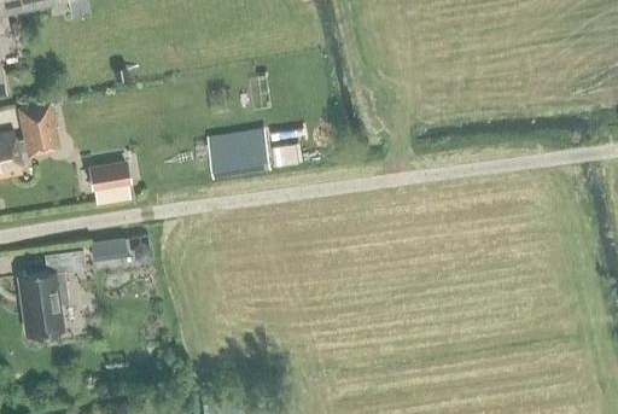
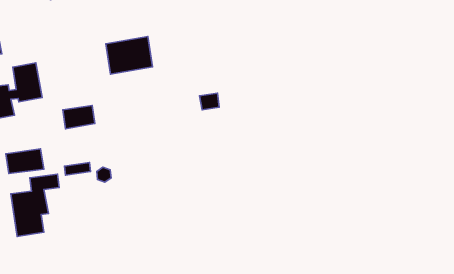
building: [208,127,270,177] -> [106,37,152,74]
building: none -> [6,149,44,173]

